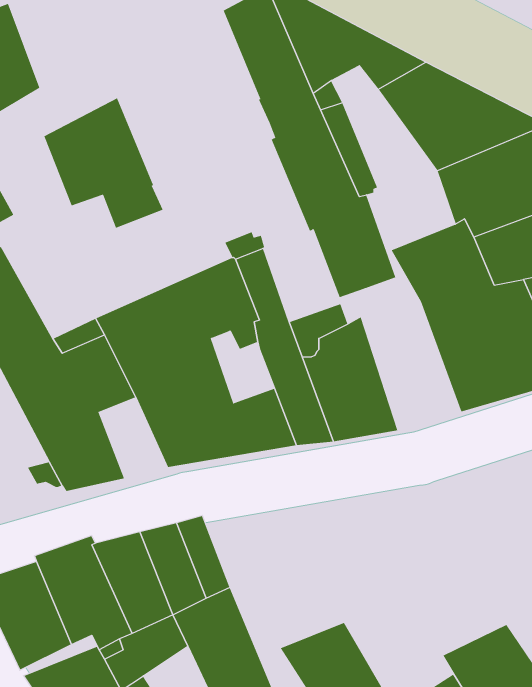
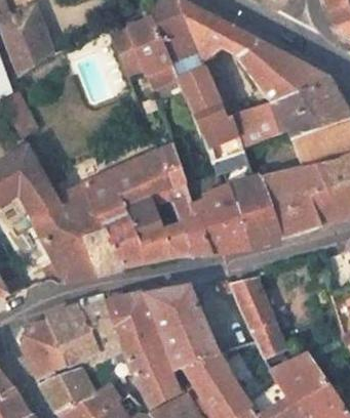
building: [44,97,164,228] -> [110,13,177,86]
building: none -> [235,102,280,147]
building: none -> [228,162,283,247]
building: none -> [82,228,120,274]
building: none -> [229,277,286,359]
building: none -> [143,286,219,371]

